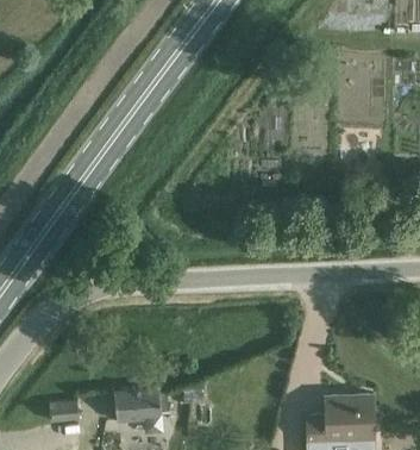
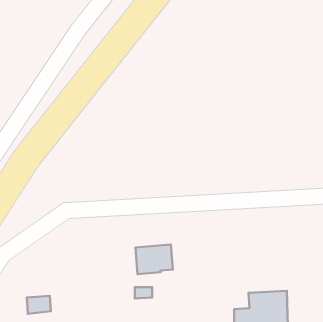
building: [114,388,161,425] -> [136,245,173,274]

